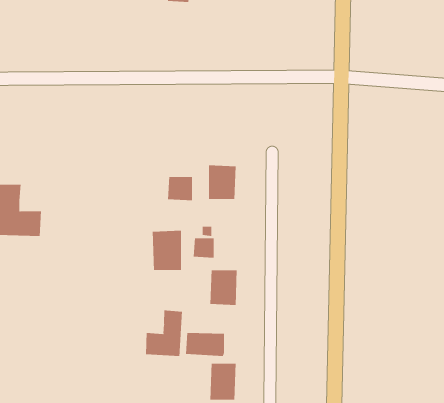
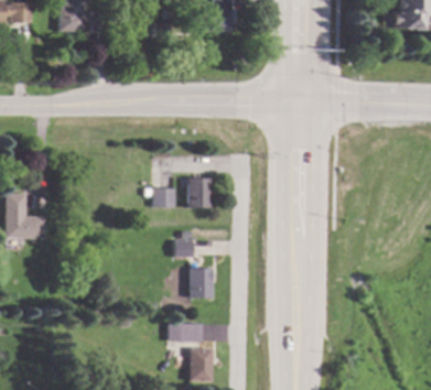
building: [152,230,181,271] -> none
building: [145,310,182,357] -> none

